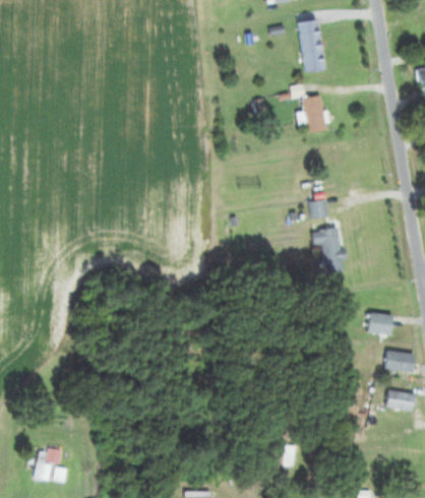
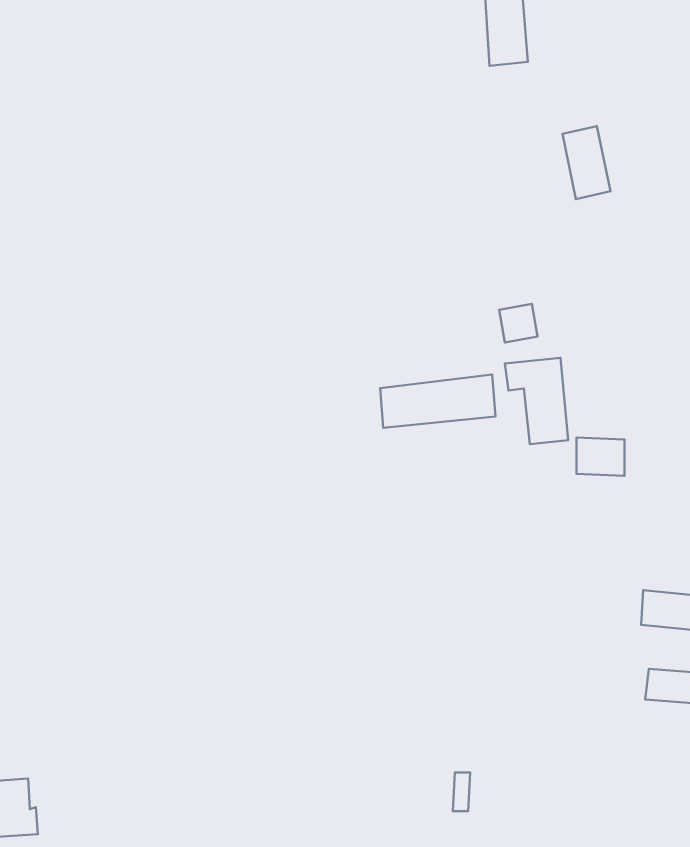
building: [301,95,326,133] -> [562,126,610,199]
building: none -> [380,375,496,428]
building: [367,313,392,333] -> [576,437,624,476]

